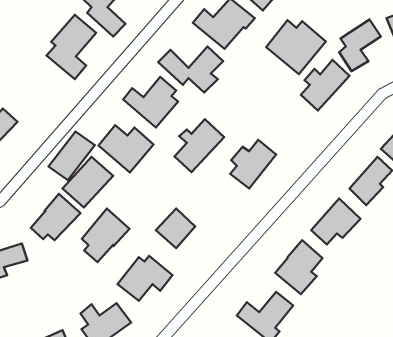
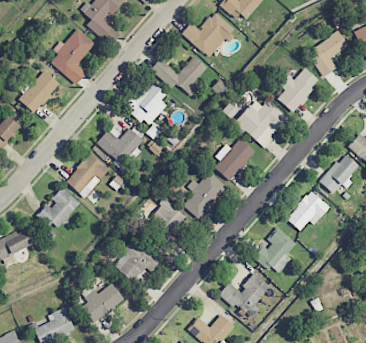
building: [266,20,326,74] -> [235,99,288,147]
building: [175,119,224,172] -> [183,171,227,218]
building: [49,132,95,180] -> [19,70,60,113]
building: [82,209,129,262] -> none

